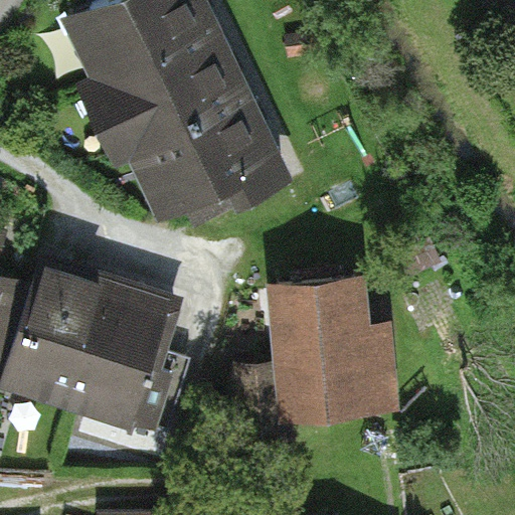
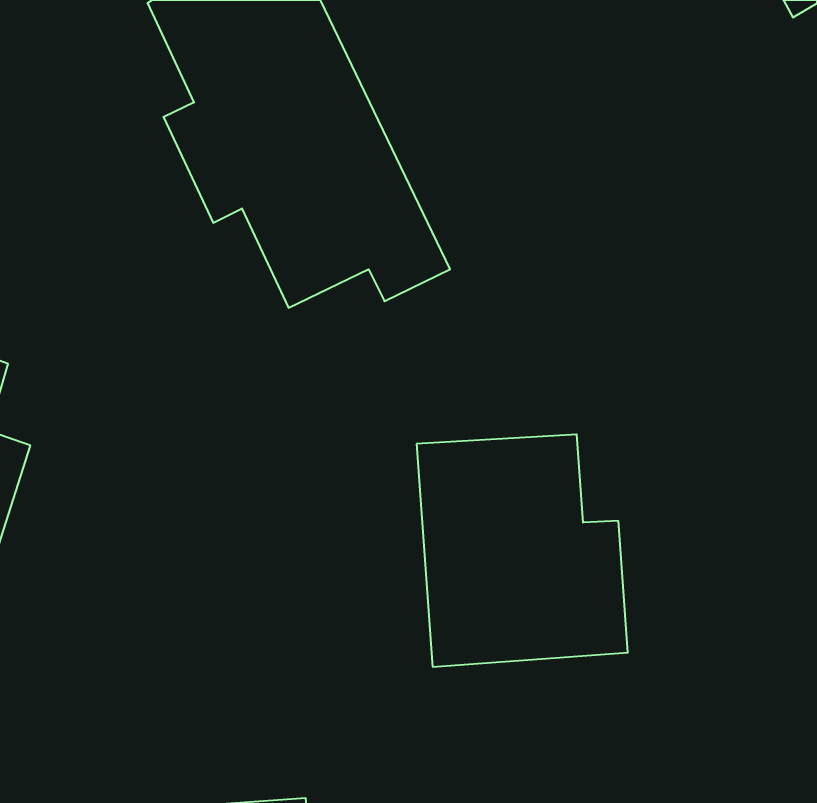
building: [5,266,180,431] -> none

